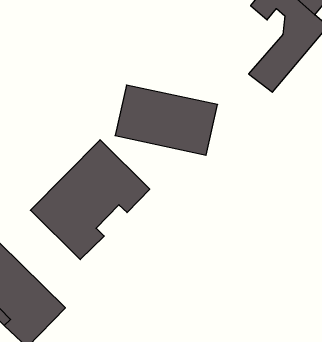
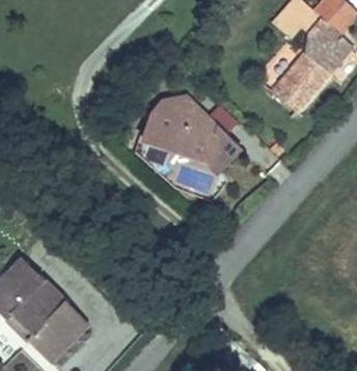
building: [30,140,150,260] -> none

